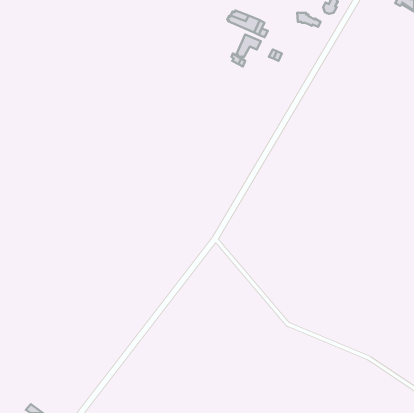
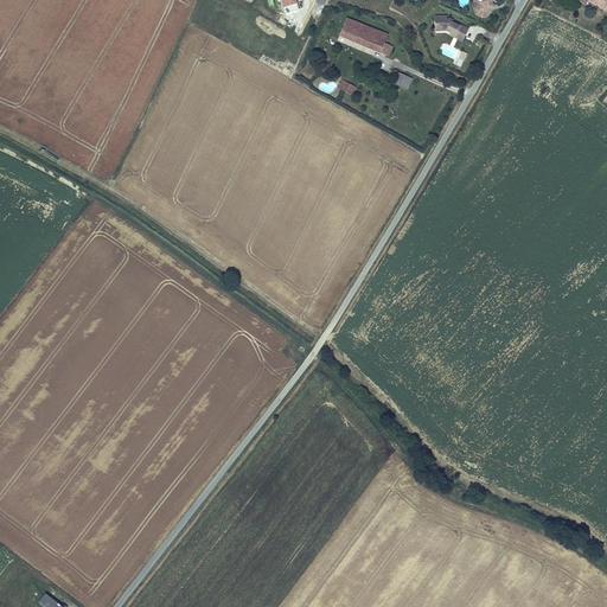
building: [237,34,261,57] -> none

